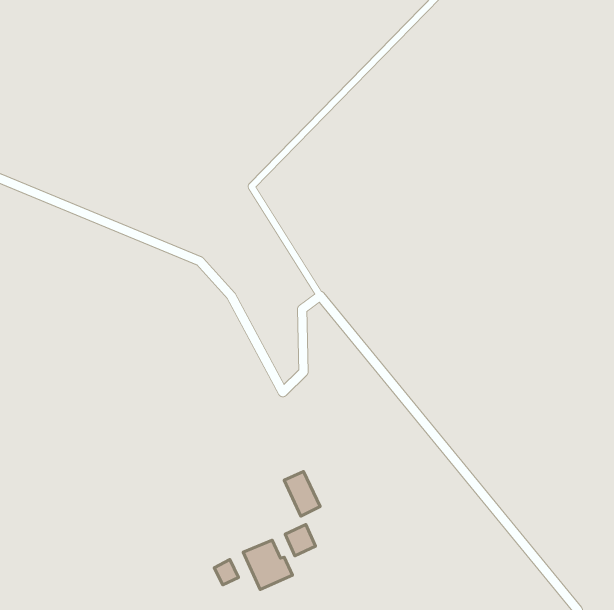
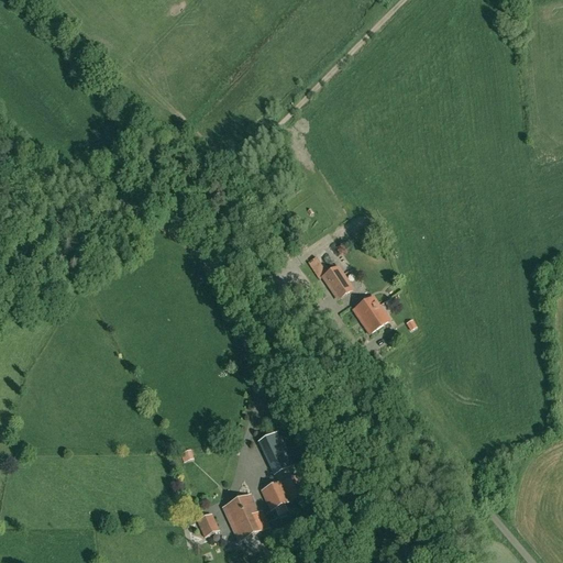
building: none -> [321,264,351,297]
building: none -> [352,295,388,332]

